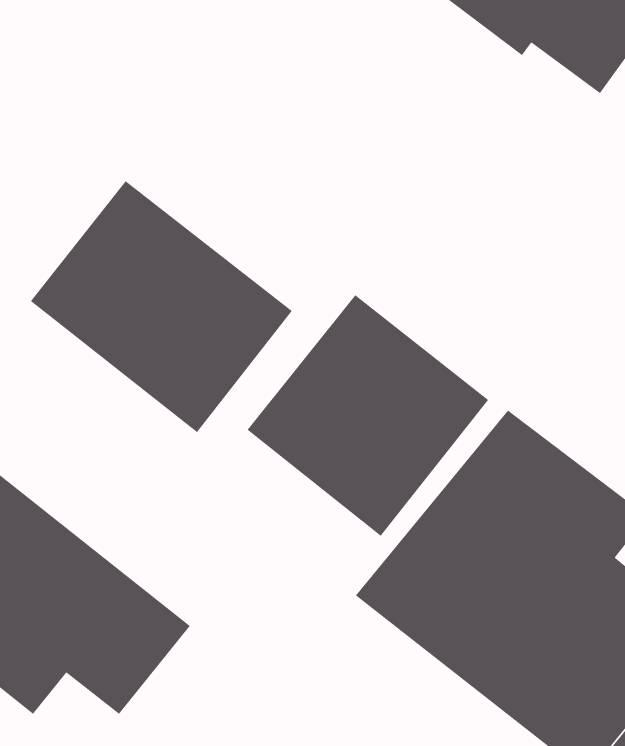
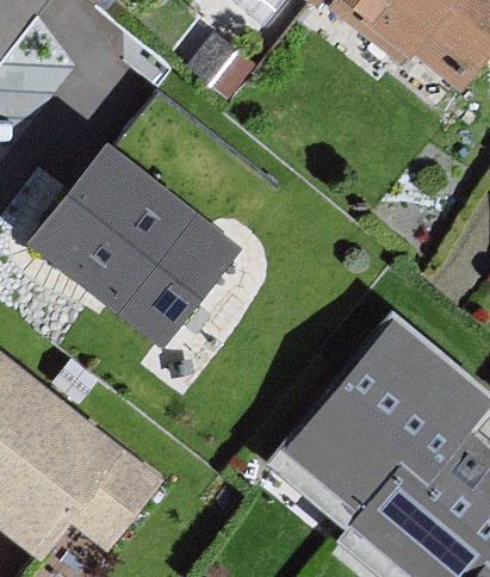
building: [246,294,489,537] -> none

